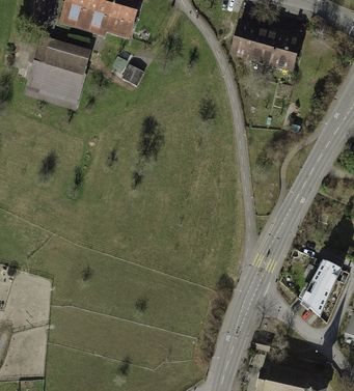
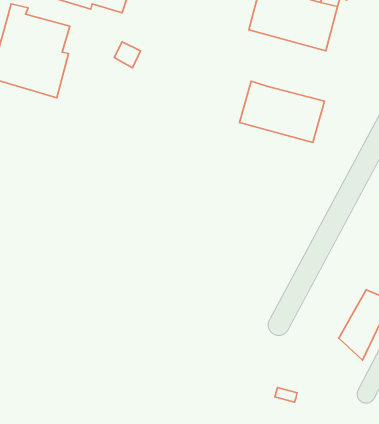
building: none -> [239,81,324,142]

